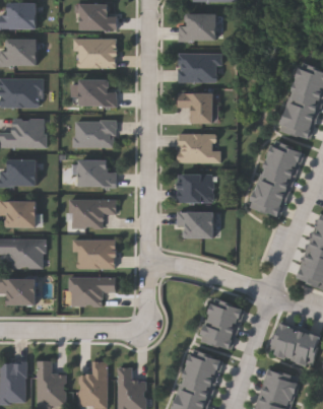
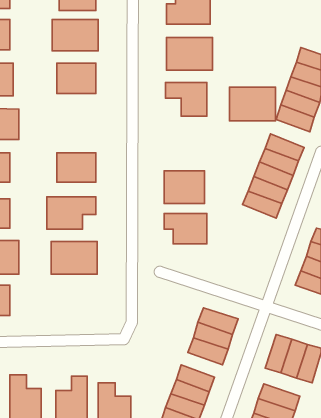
building: [73,119,115,147] -> none
building: [179,135,220,165] -> [229,87,275,121]
building: [68,277,115,306] -> none

